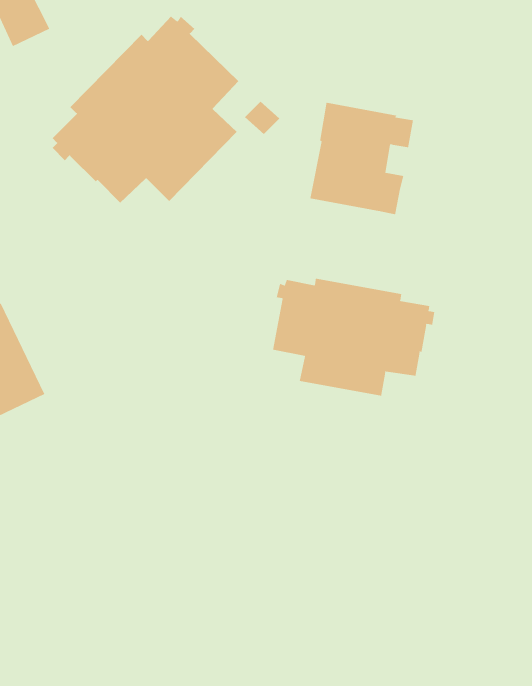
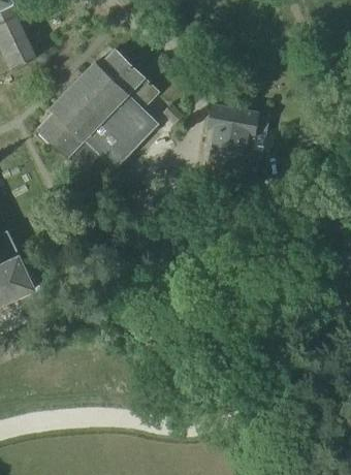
building: [272,278,435,396] -> none

